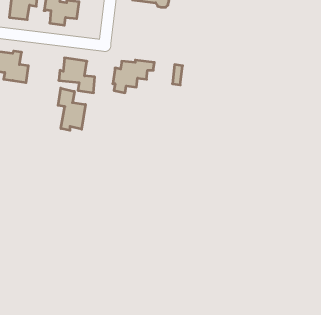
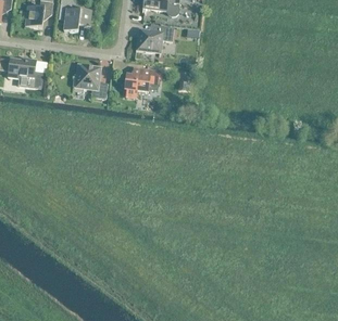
building: none -> [137,25,173,51]
building: [58,88,85,130] -> none

